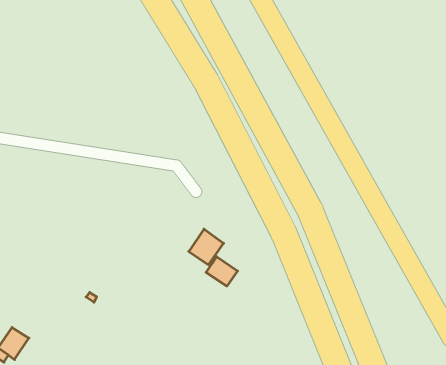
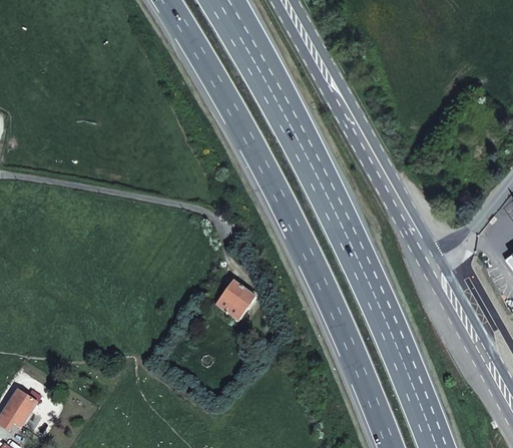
building: [206,257,238,286] -> none

